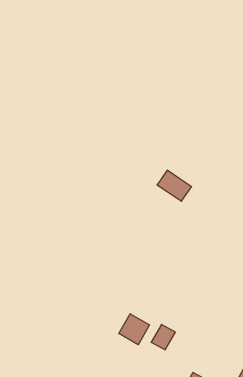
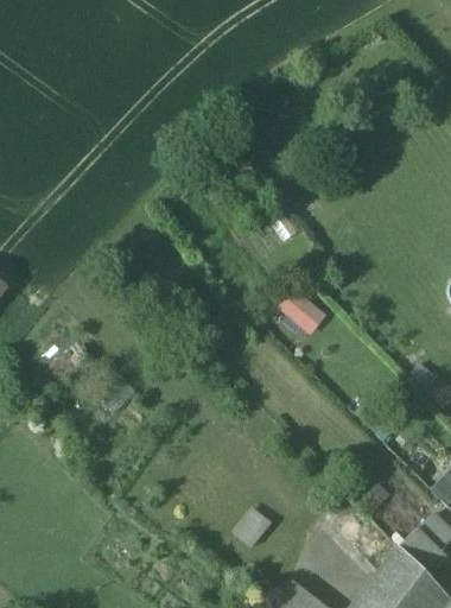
building: [119,314,150,345] -> none

